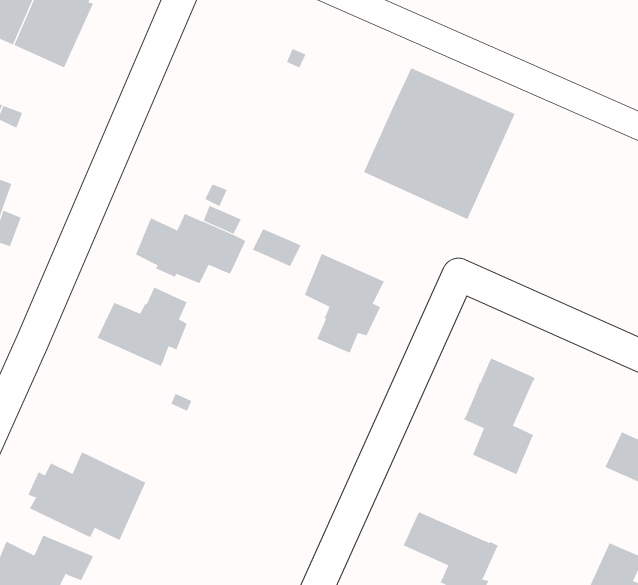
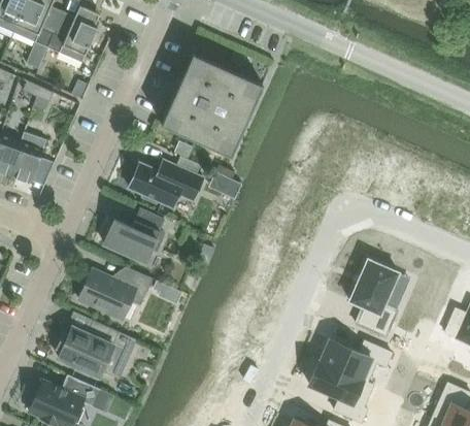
building: [363,68,515,220] -> [161,53,263,155]
building: [304,253,385,354] -> none
building: none -> [79,268,154,321]
building: none -> [320,338,392,382]

